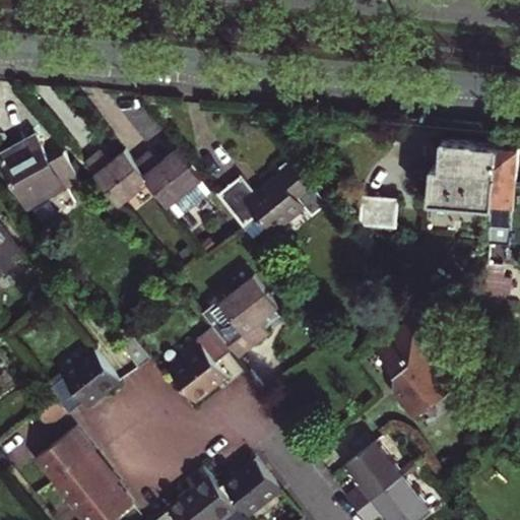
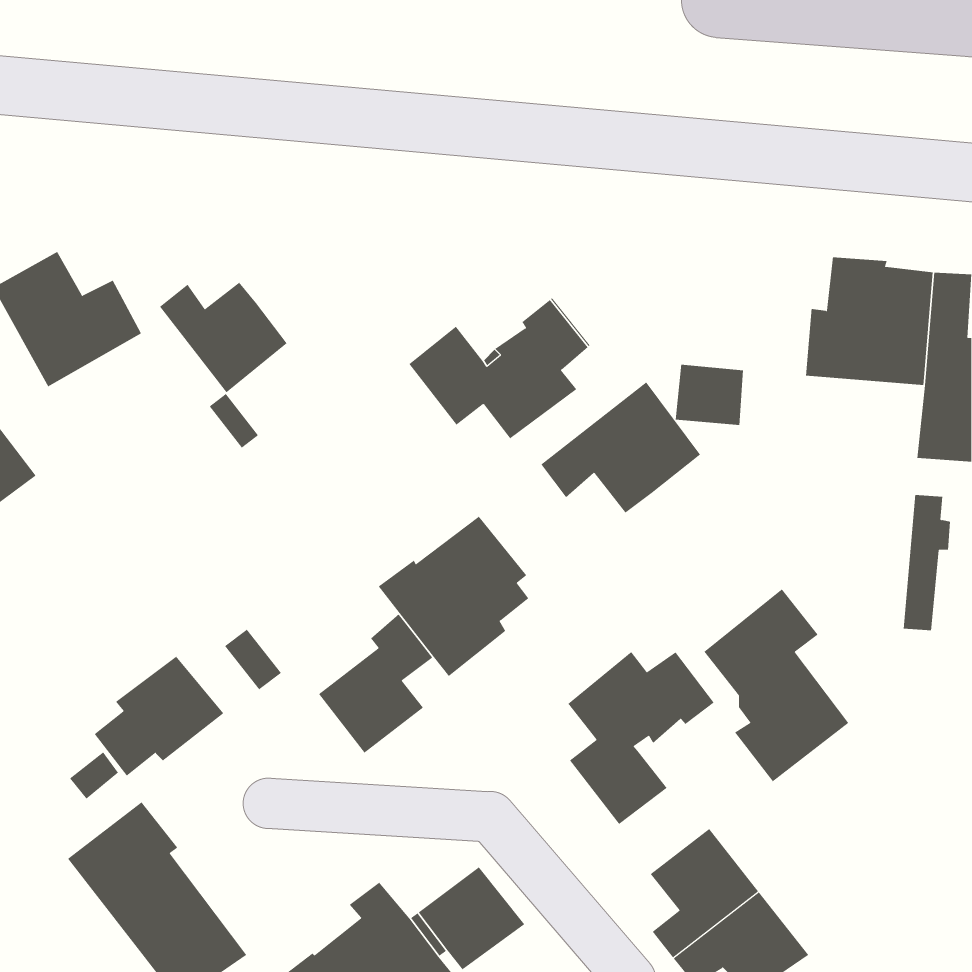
building: [136,150,215,221] -> none
building: none -> [540,382,701,513]
building: none -> [568,651,715,825]

